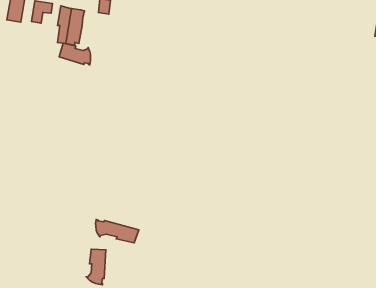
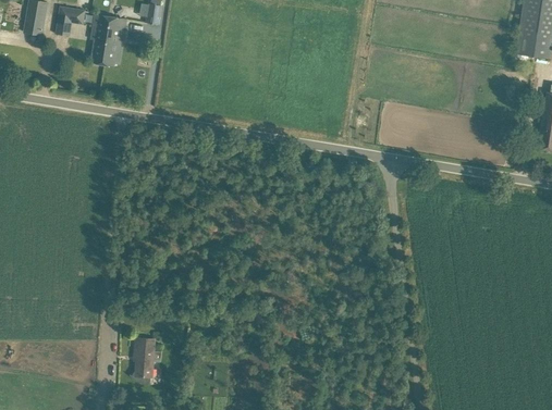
building: [59,43,91,65] -> none
building: [96,220,139,243] -> none

